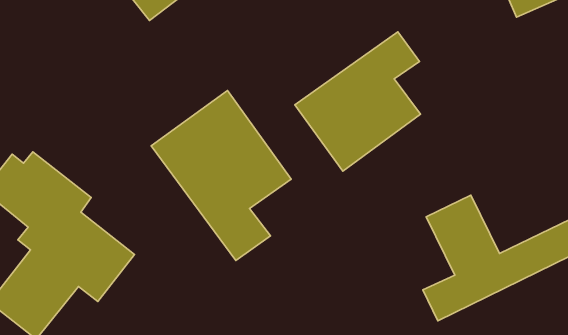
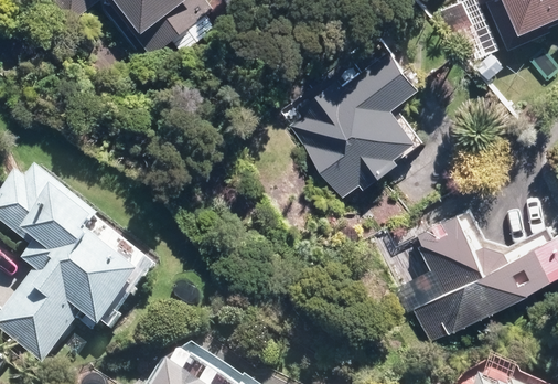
building: [151,90,291,261] -> none

